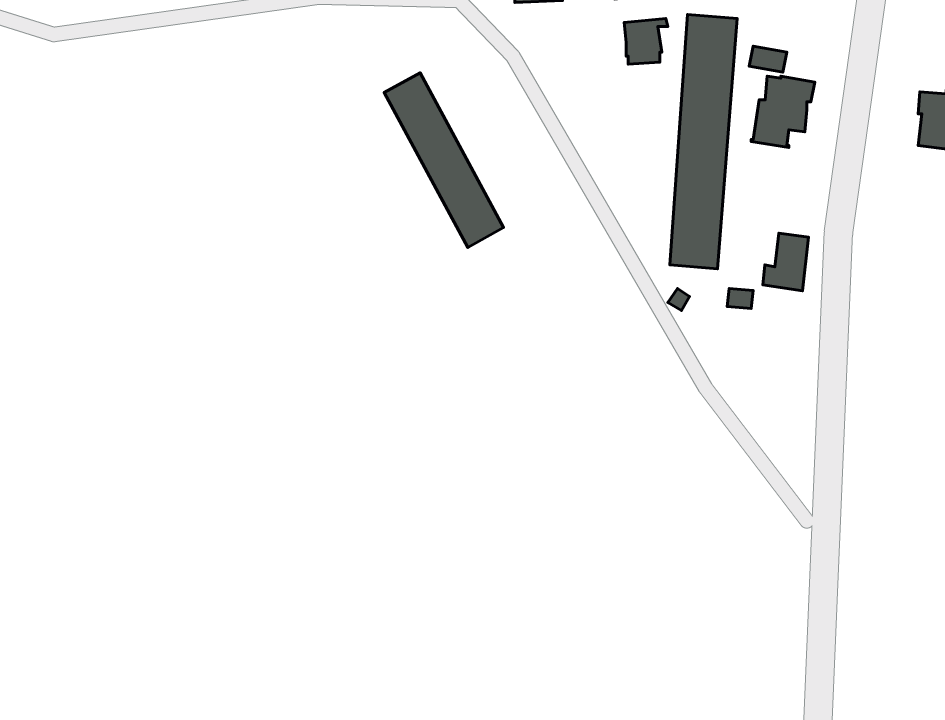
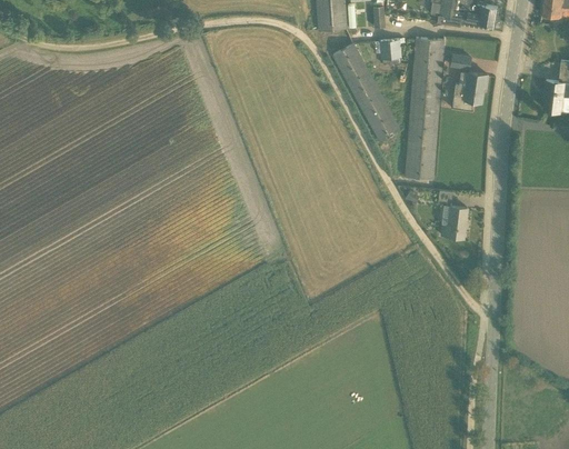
building: [384,73,503,248] -> [333,43,400,141]
building: [763,233,809,291] -> [441,206,467,238]

